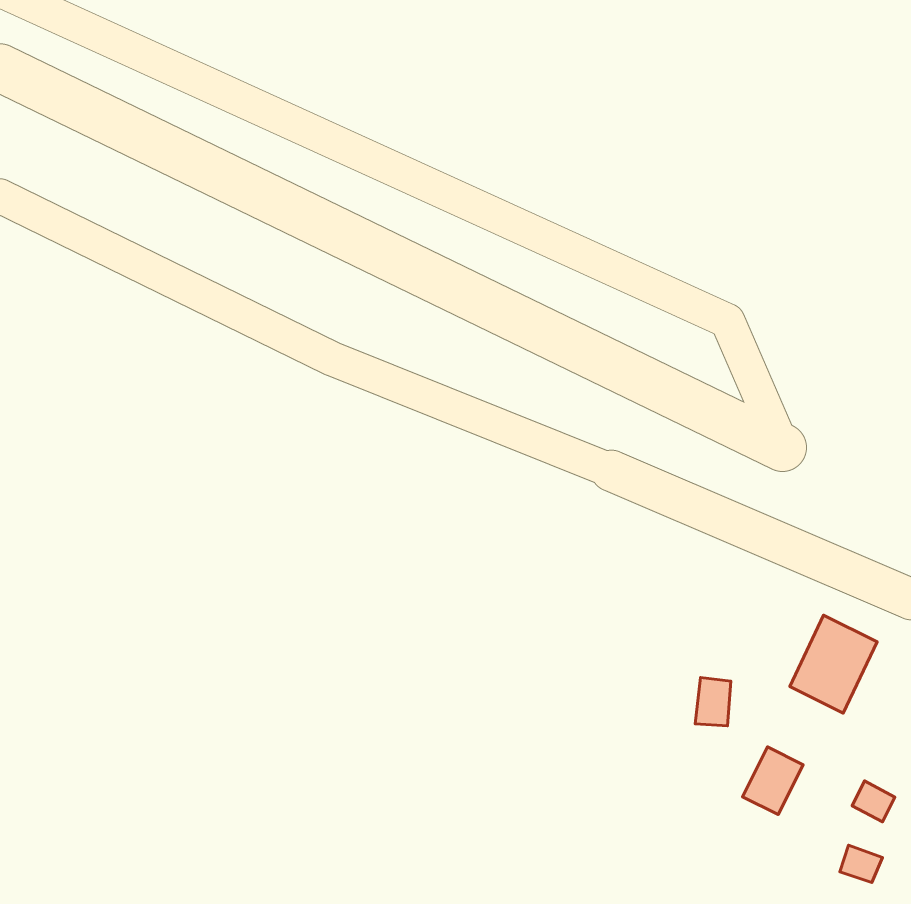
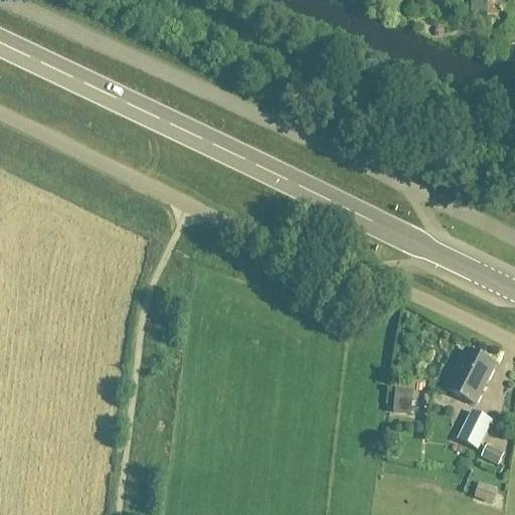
building: [742,747,803,815] -> [458,409,492,448]

